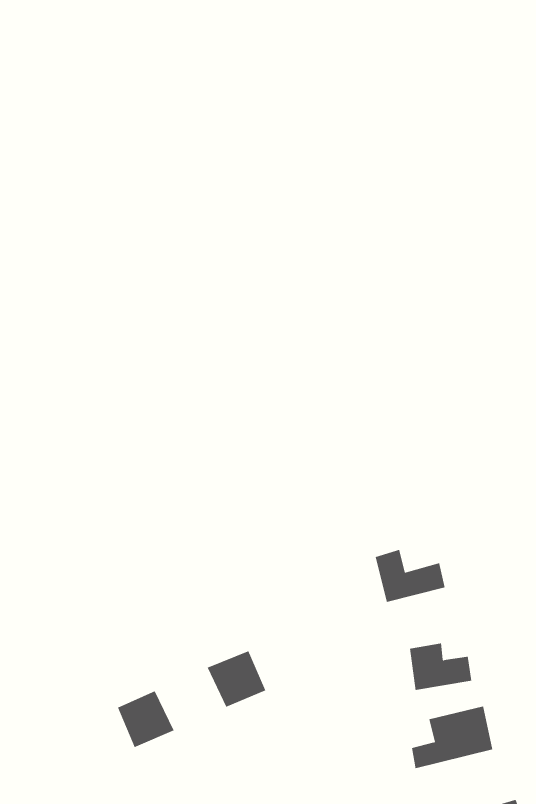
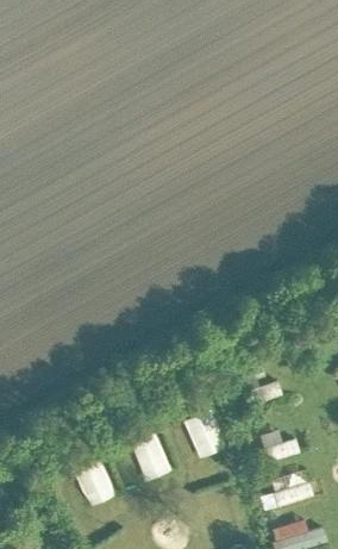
building: none -> [186,411,223,448]

